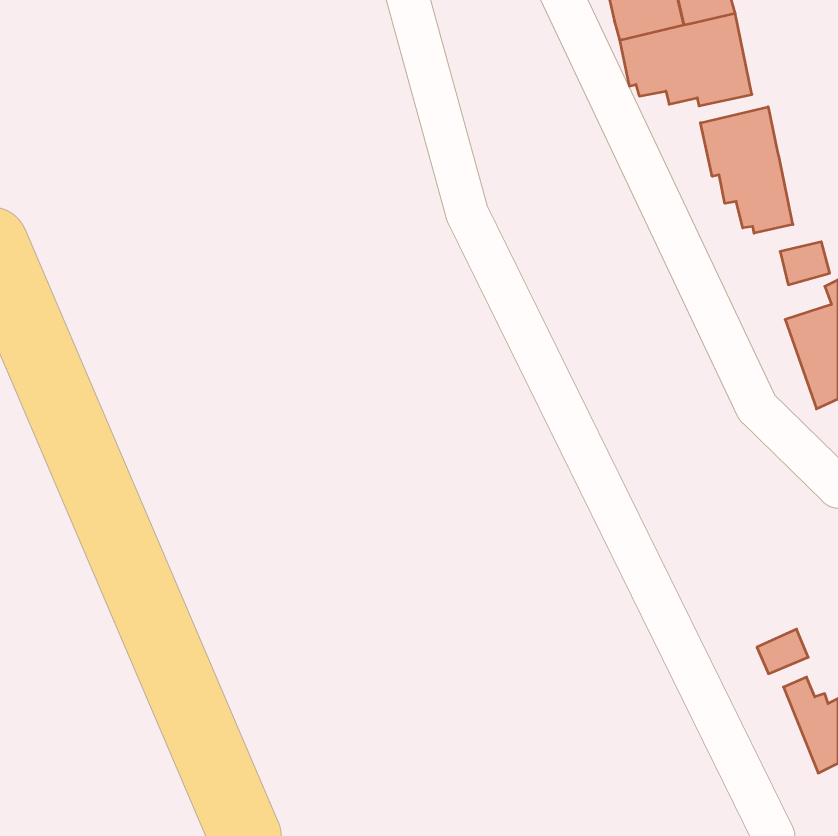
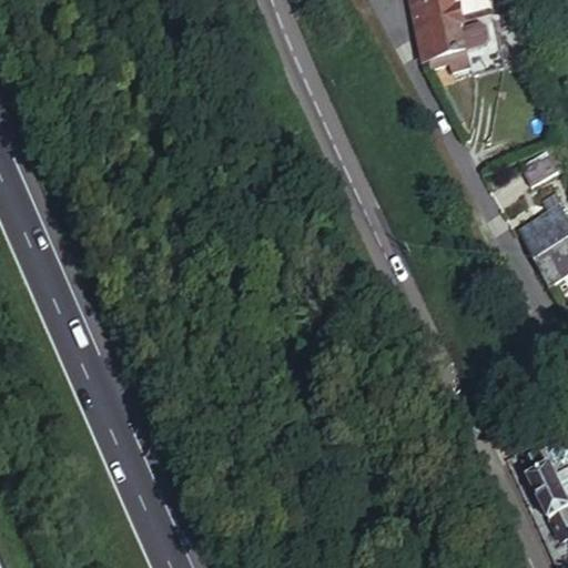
building: [700,107,793,233] -> none

